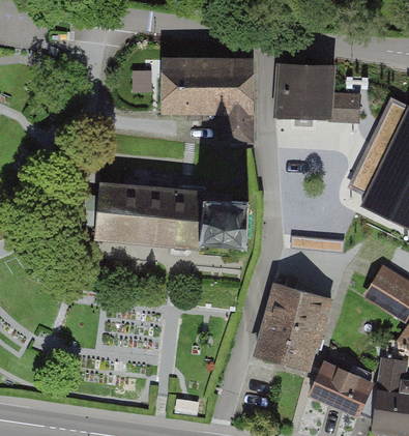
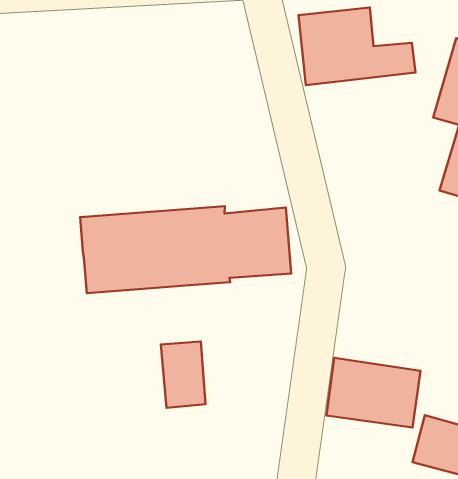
building: [162,55,256,142] -> none
building: [265,274,338,333] -> none
building: none -> [161,342,205,408]

